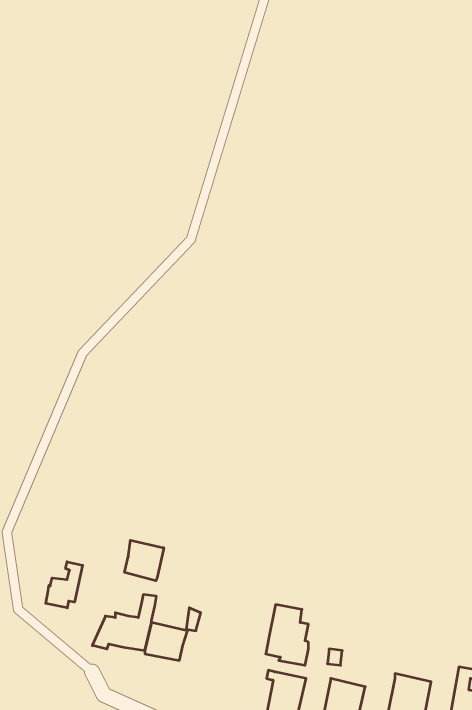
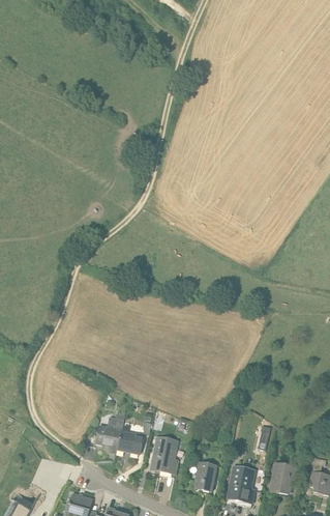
building: [125,540,164,581] -> none
building: [46,562,83,608] -> none
building: [266,605,308,665] -> [151,435,178,474]

